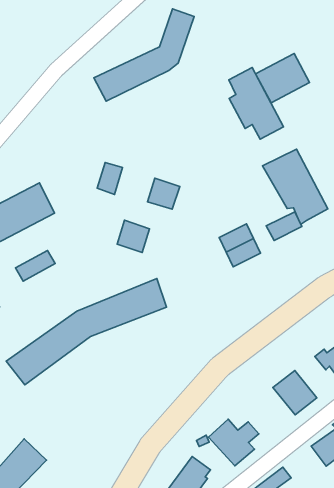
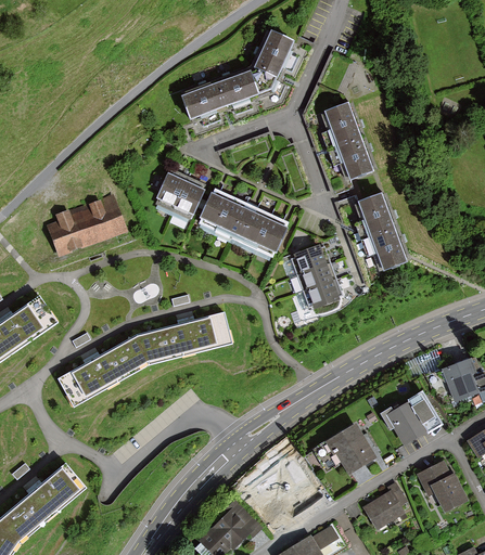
building: [256,54,310,103] -> none
building: none -> [155,175,184,209]
building: none -> [248,218,284,253]
building: [266,212,302,240] -> [288,249,324,276]
building: [117,220,149,252] -> [199,194,234,230]
building: [15,250,55,281] -> none

